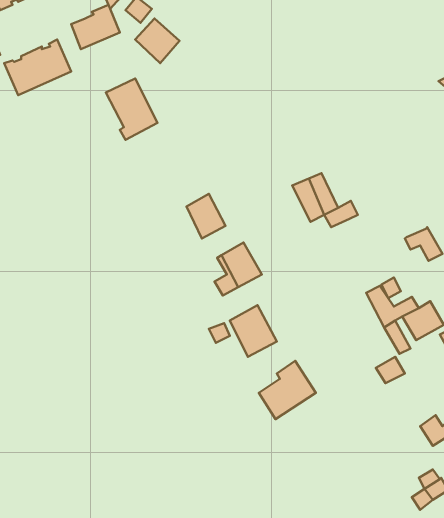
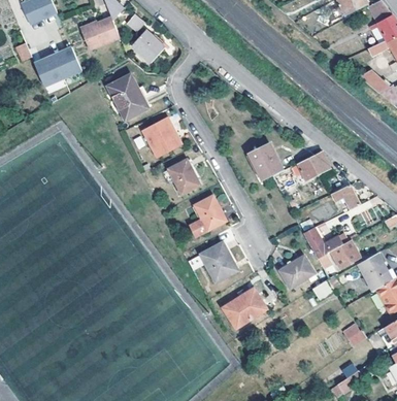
building: none -> [143,116,181,157]
building: none -> [299,153,330,179]
building: none -> [280,257,313,288]

